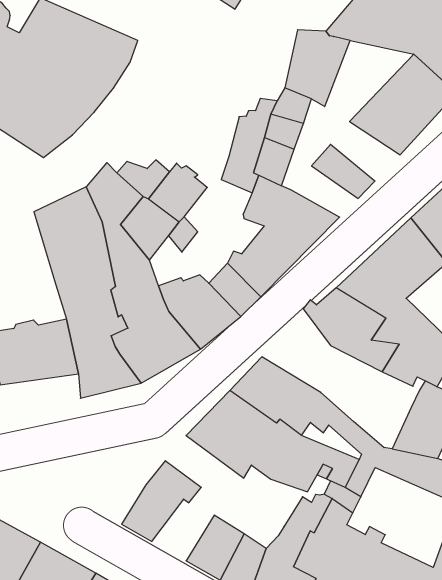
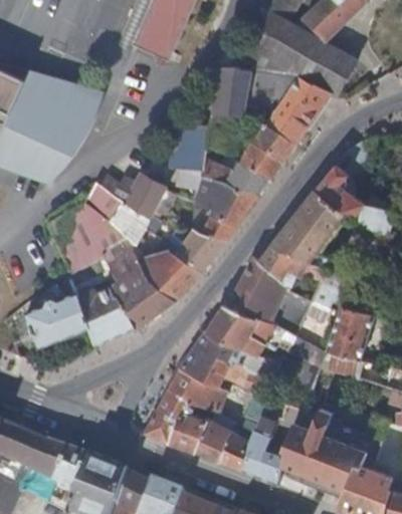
building: none -> [250,126,300,166]
building: none -> [227,162,275,195]
building: none -> [224,263,334,337]
building: none -> [167,364,224,412]
building: none -> [166,410,207,453]

